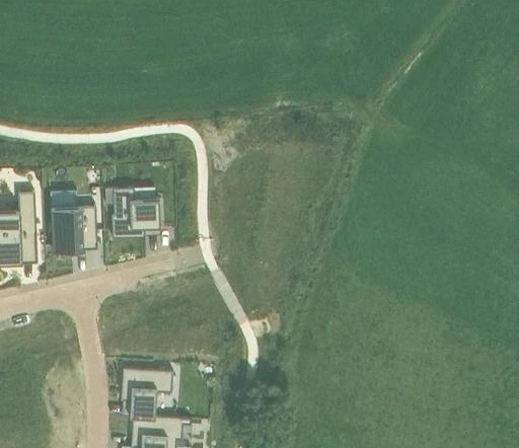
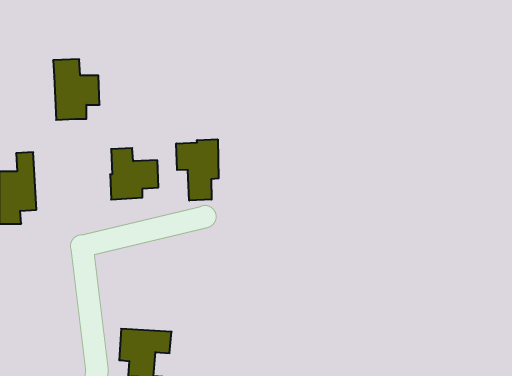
building: none -> [176,139,219,201]
building: [50,191,96,251] -> [53,59,100,120]

